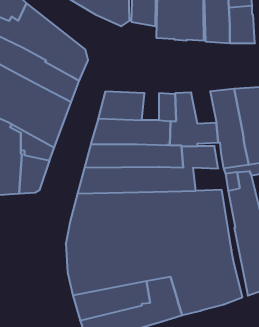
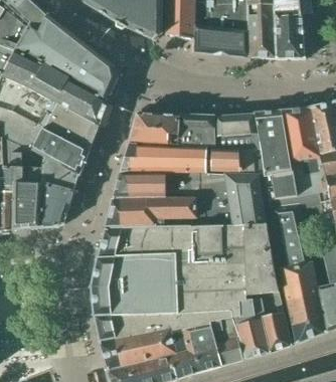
building: none -> [232,113,261,149]
building: none -> [177,115,196,145]
building: none -> [234,198,267,224]

